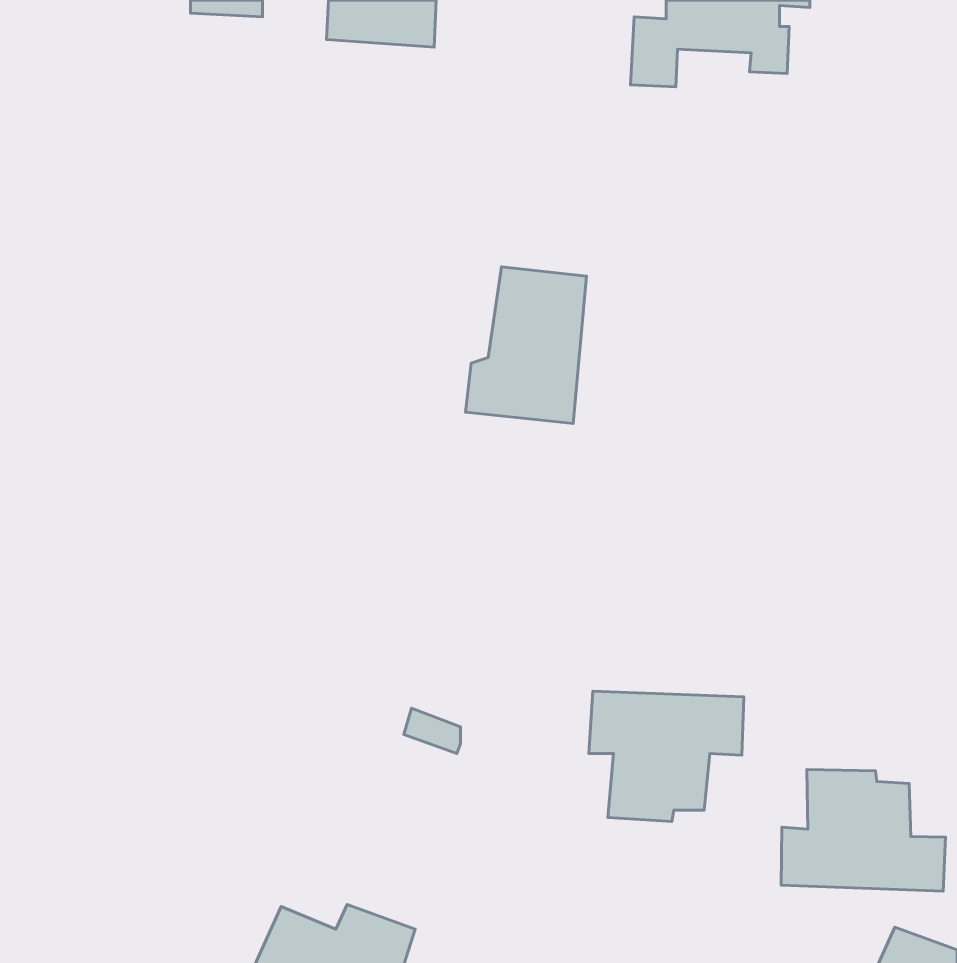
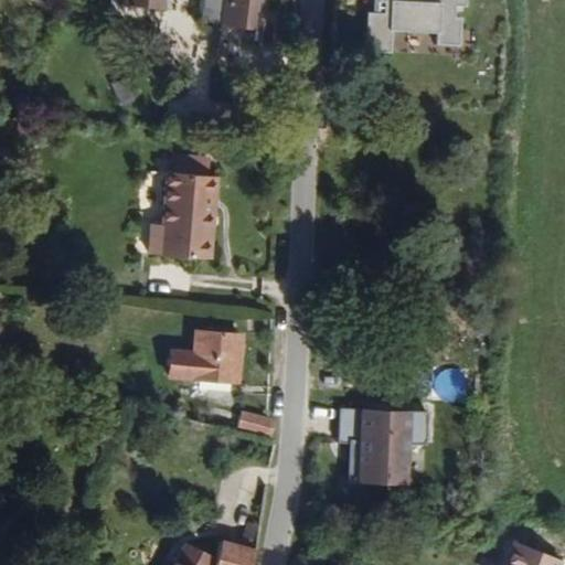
building: [466,267,586,424] -> [147,168,217,259]
building: none -> [166,332,246,392]
building: [781,769,945,891] -> none

